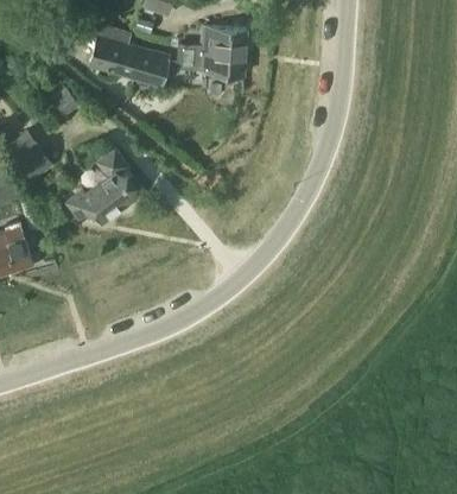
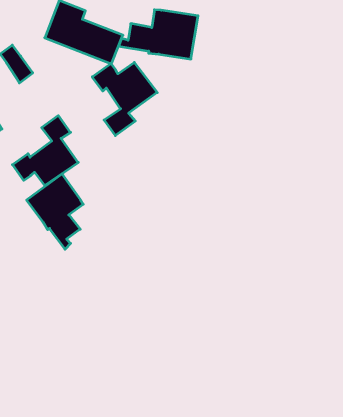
building: none -> [92,62,157,136]
building: none -> [27,174,83,249]

